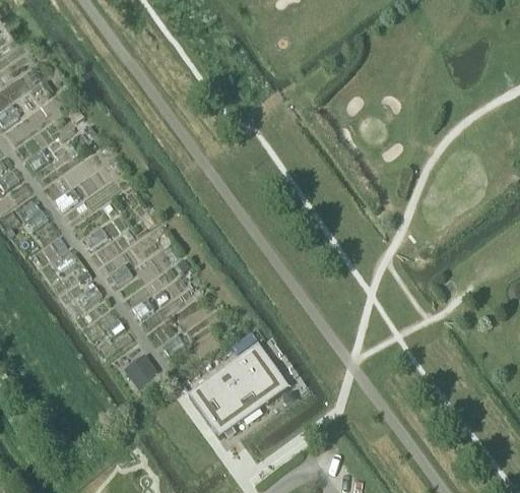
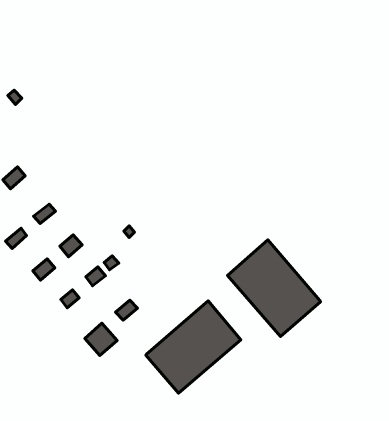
building: none -> [228,240,321,336]

